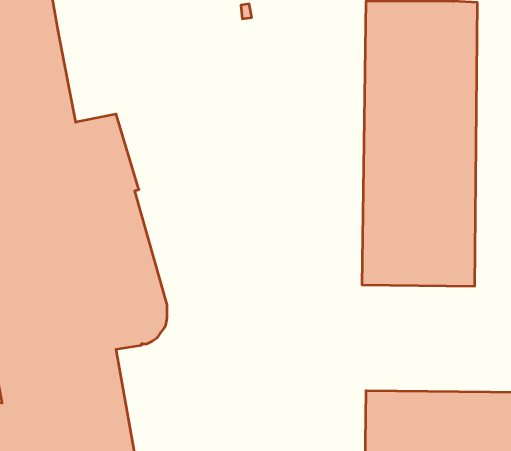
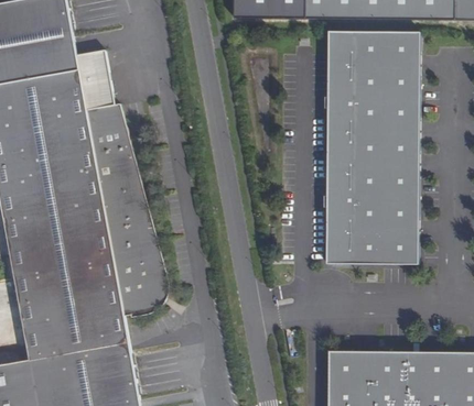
building: none -> [76,51,150,131]

